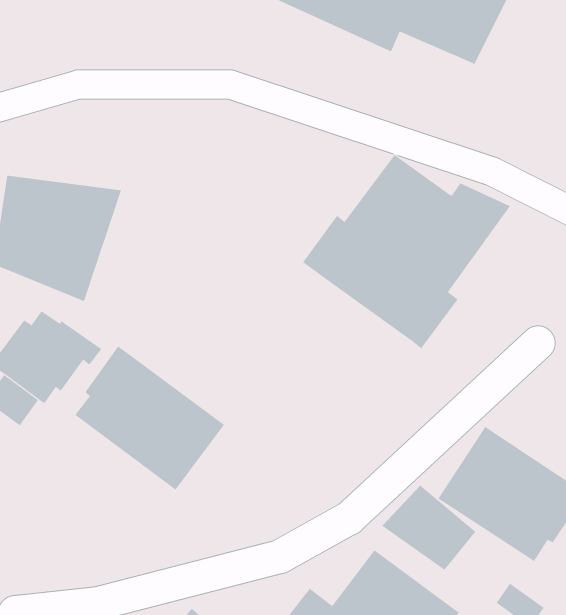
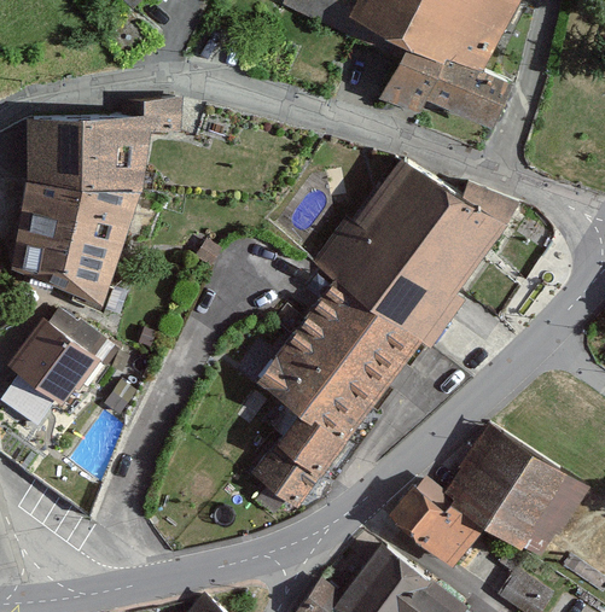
building: none -> [380,40,508,126]
building: none -> [24,101,180,194]
building: none -> [251,279,419,508]
building: [75,345,225,491] -> none

